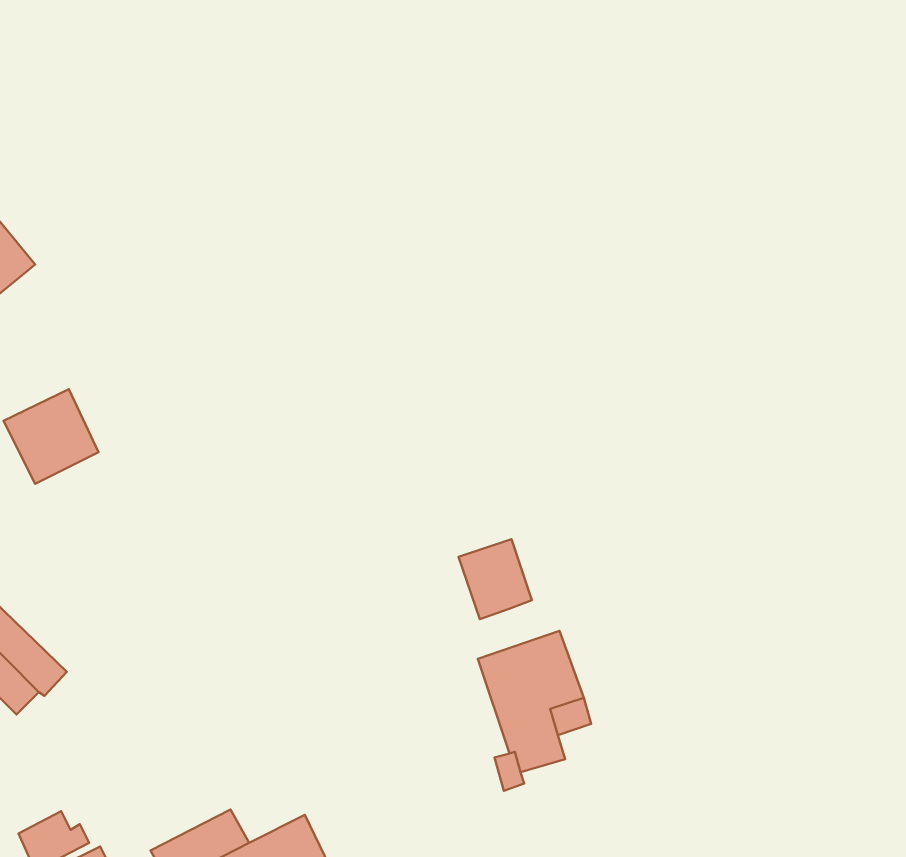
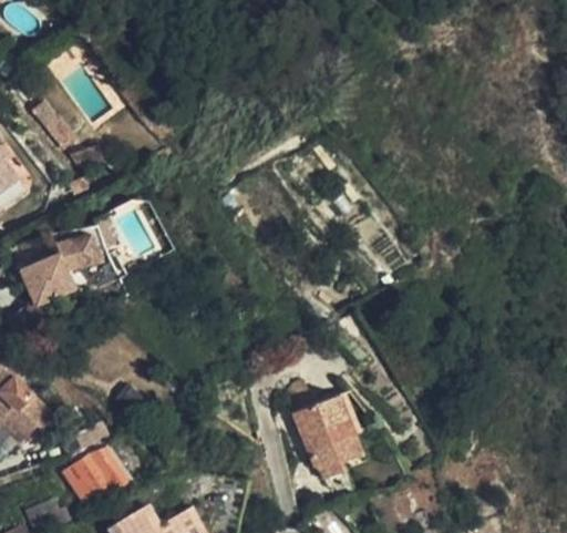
building: none -> [48,225,93,271]
building: [458,539,532,619] -> none
building: none -> [61,451,126,504]

